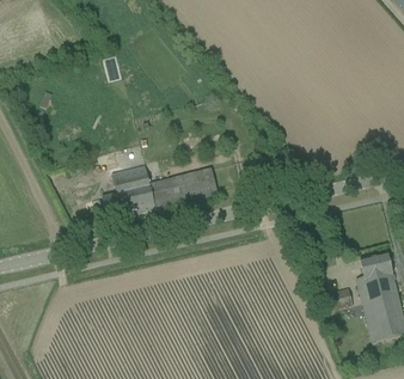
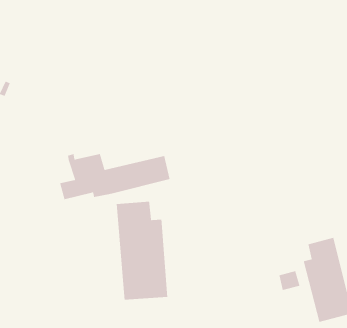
building: none -> [116,201,168,301]

